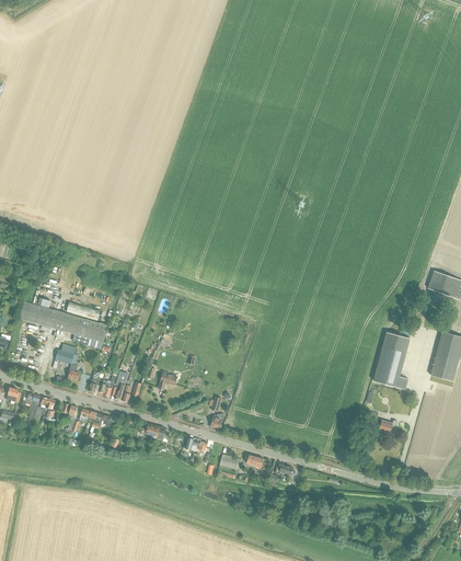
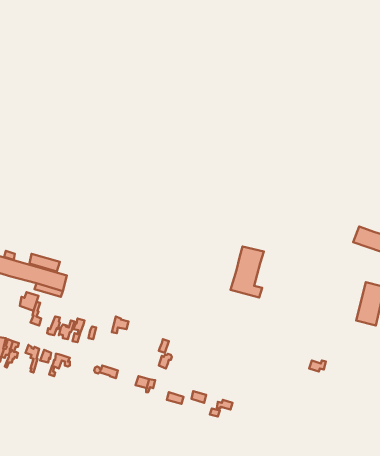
building: [373,332,411,389] -> [231,247,264,298]

